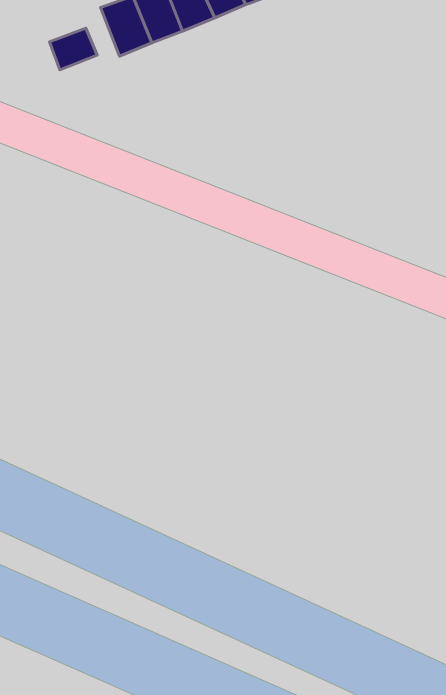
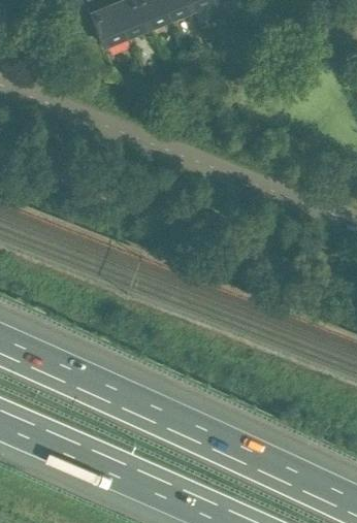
building: [49,28,97,70] -> none

